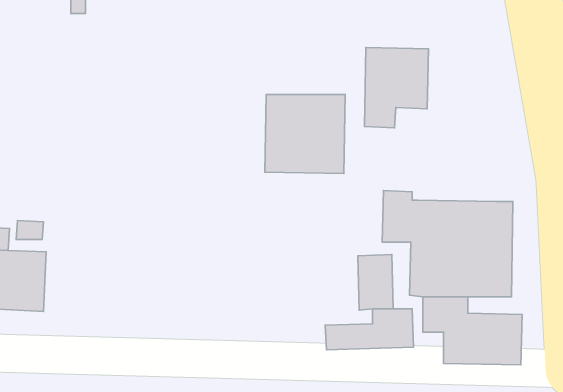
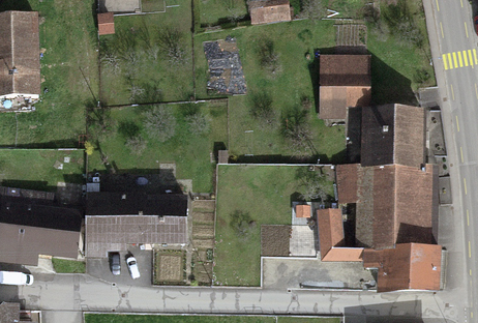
building: [265,95,345,173] -> [361,111,422,171]
building: none -> [86,195,185,254]

